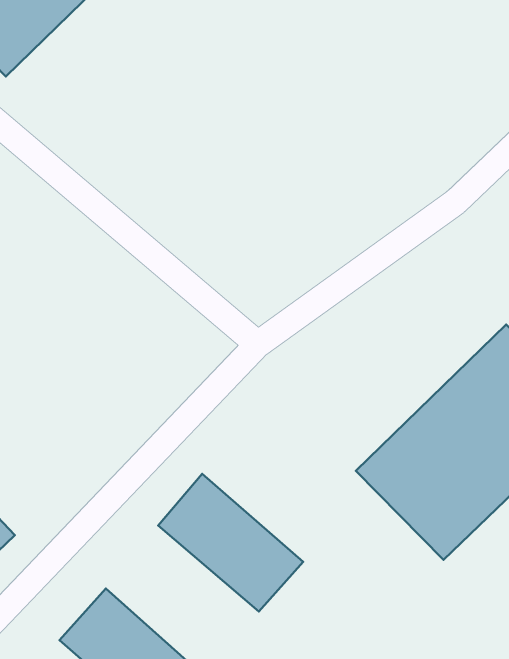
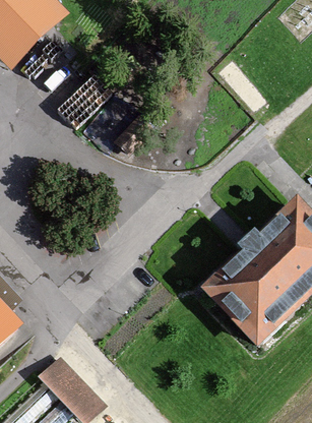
building: [158,474,303,612] -> none

